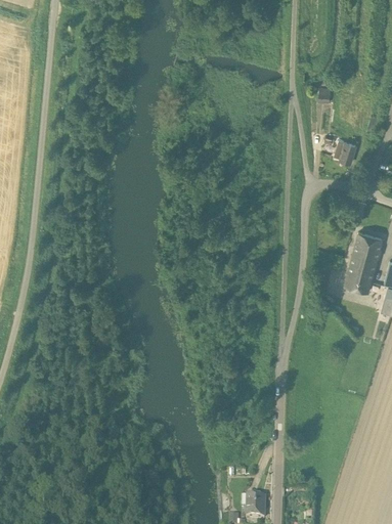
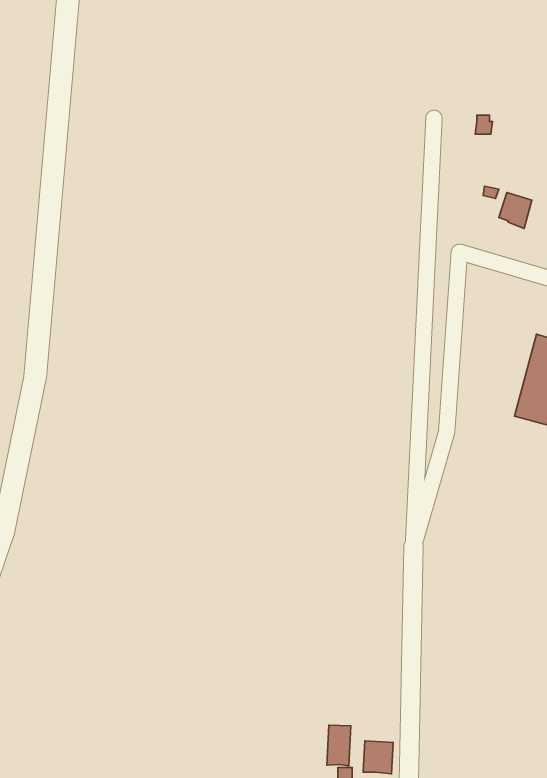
building: none -> [327,725,351,766]

